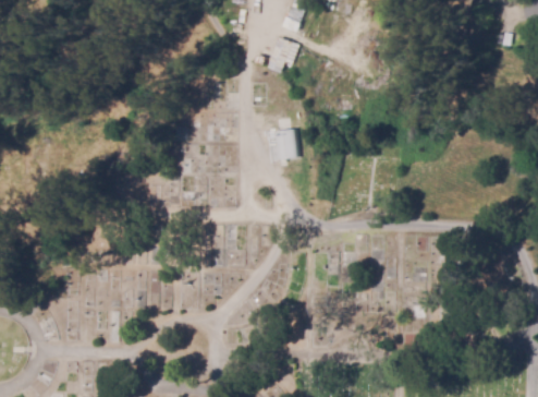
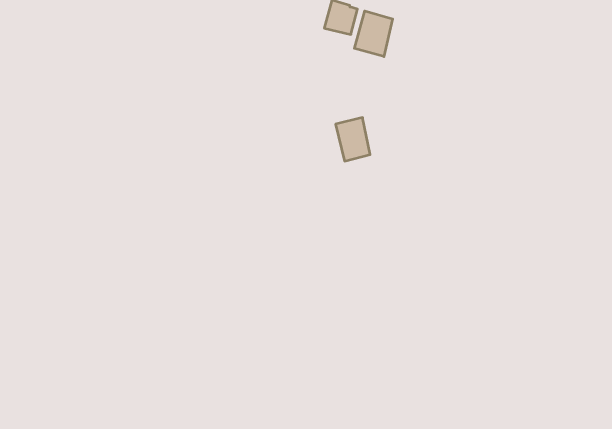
building: none -> [354,11,393,57]

